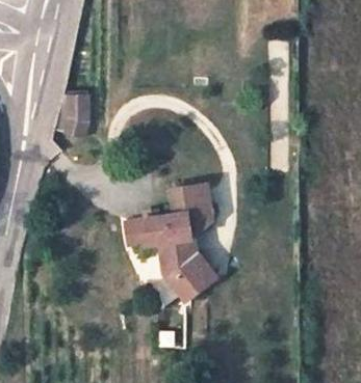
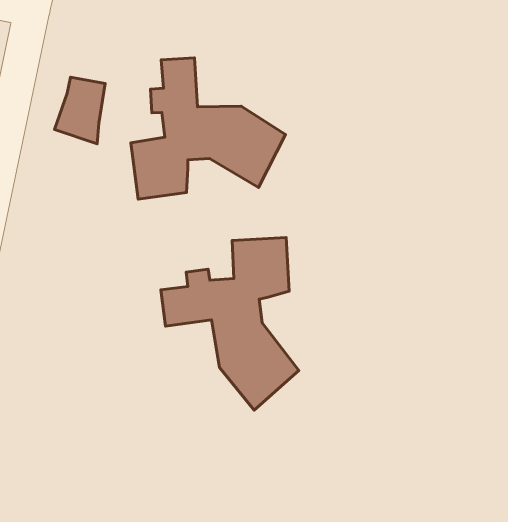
building: none -> [131,58,285,199]

